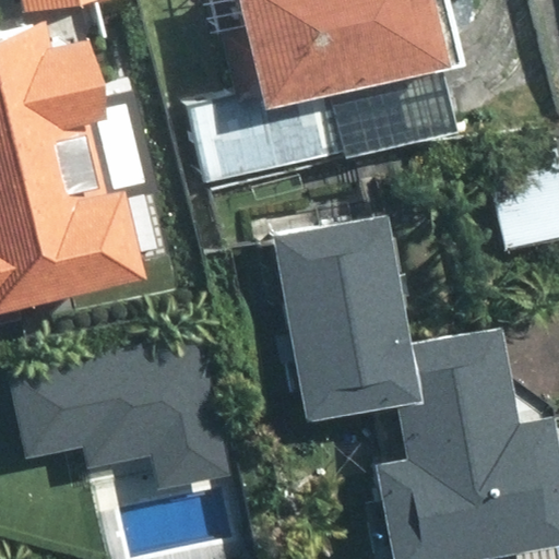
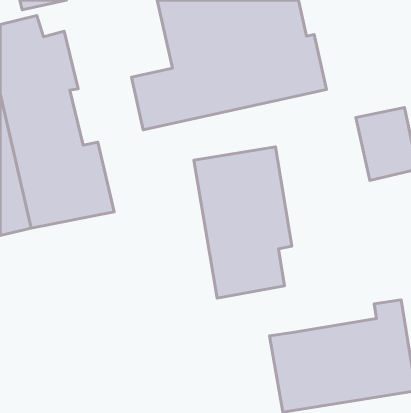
building: [382,321,512,451] -> none
building: [25,343,240,481] -> none

